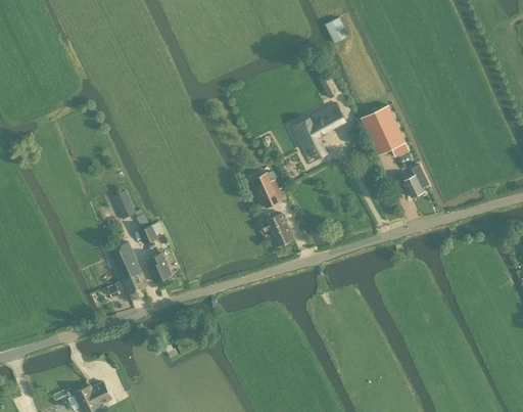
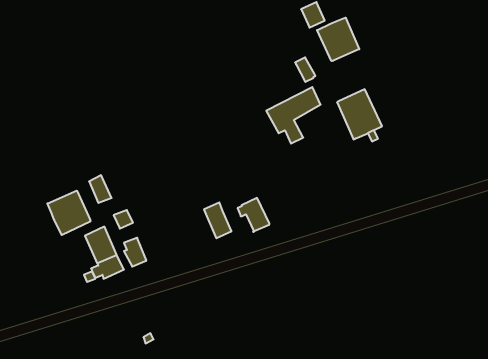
building: none -> [317,18,359,61]
building: [402,166,427,197] -> none
building: [251,173,279,209] -> [204,202,232,238]
building: none -> [47,191,90,235]

